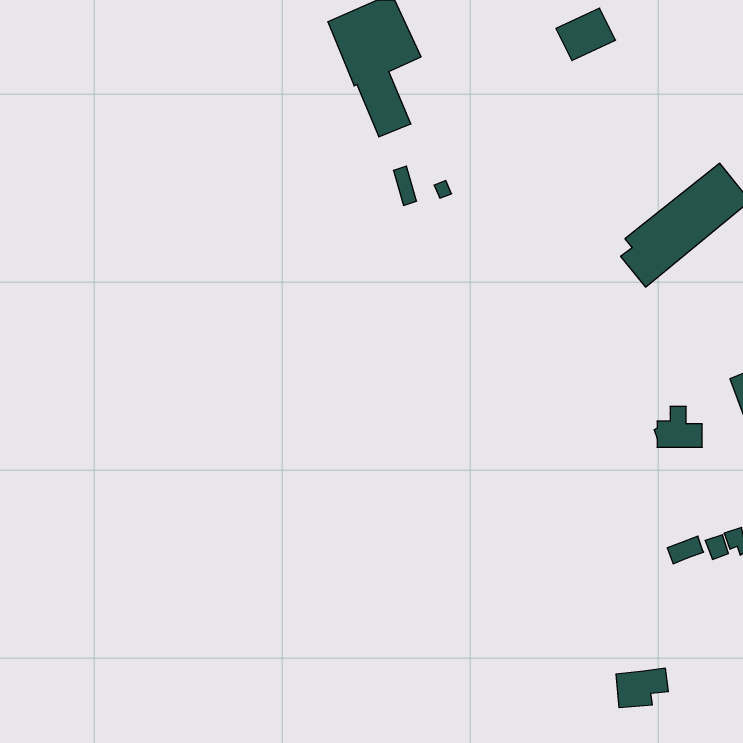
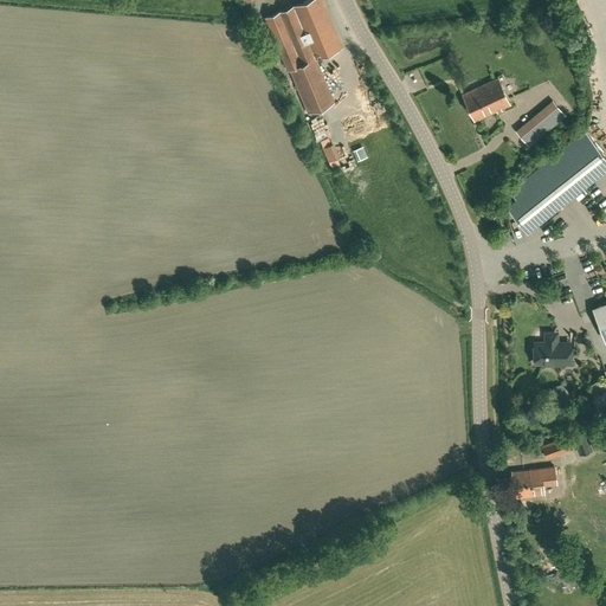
building: [556,8,616,61] -> [463,79,511,122]
building: none -> [517,102,566,147]
building: [616,668,668,708] -> [514,466,556,498]

